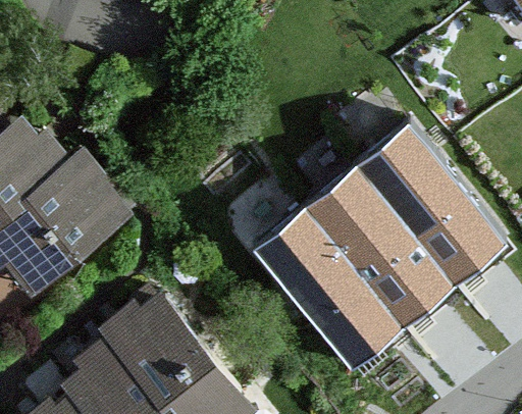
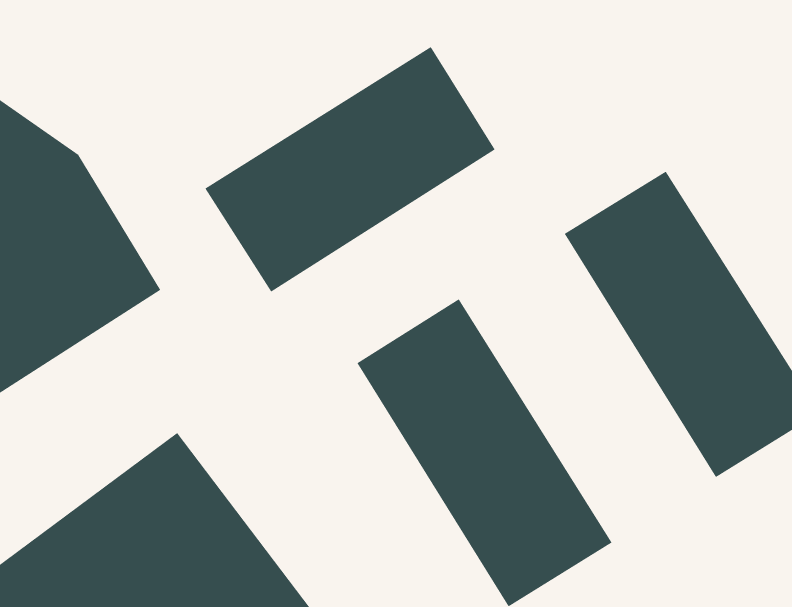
building: none -> [205,46,495,292]
building: [303,165,453,328] -> none

